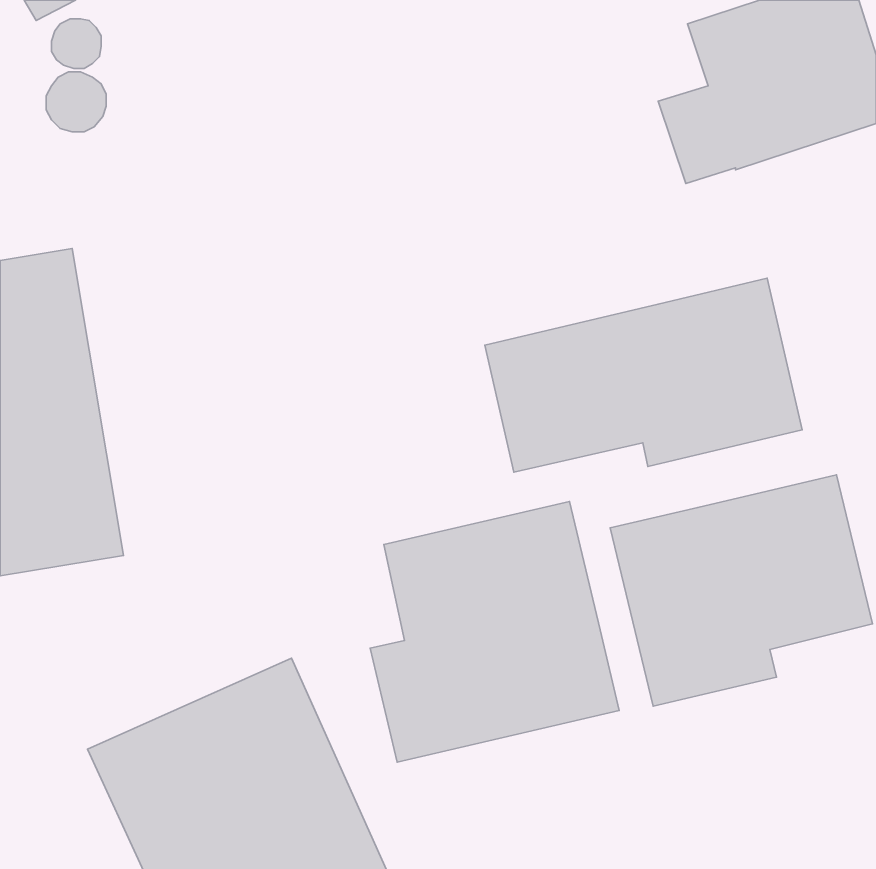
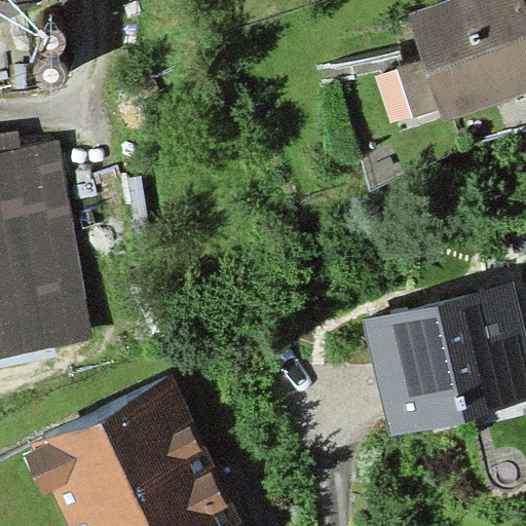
building: [485,278,802,472] -> none
building: [370,501,619,762] -> none

